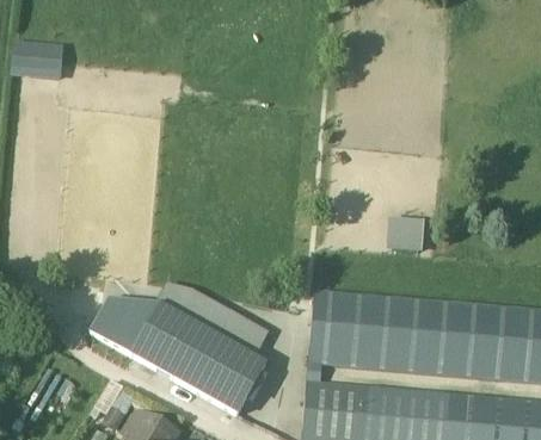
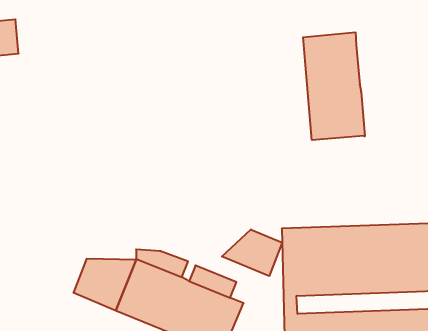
building: none -> [303,32,365,140]
building: [388,217,425,247] -> none
building: none -> [222,229,282,276]

